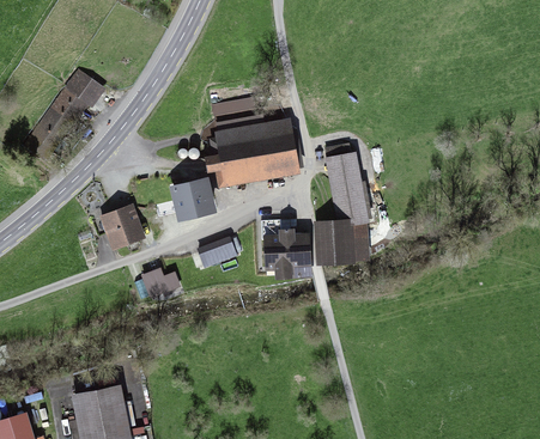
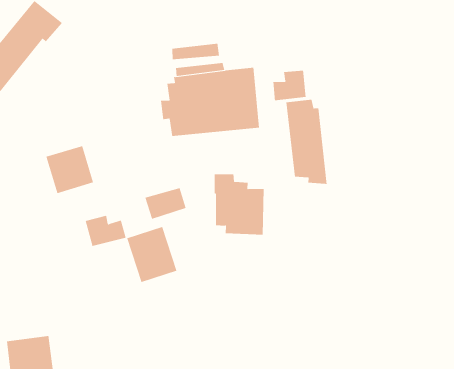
building: none -> [273,70,306,101]
building: [170,176,217,220] -> none
building: [314,219,370,264] -> none
building: none -> [126,226,177,283]

